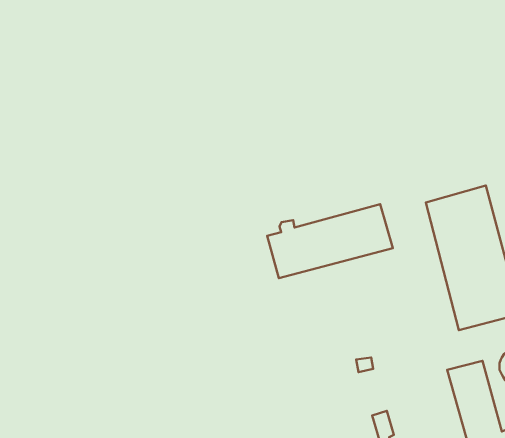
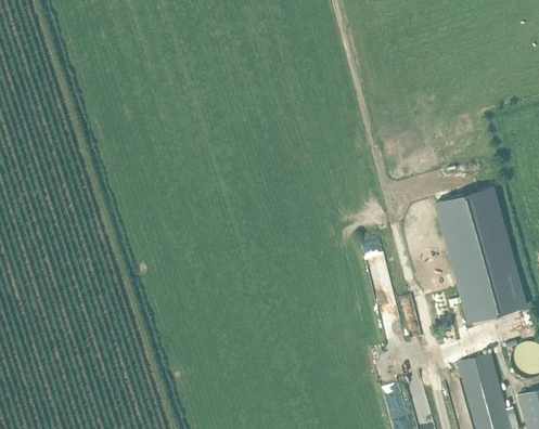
building: [267,204,393,278] -> none

